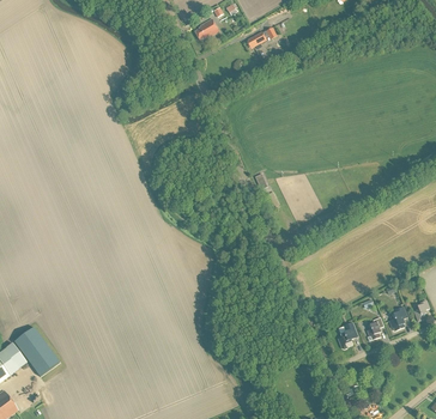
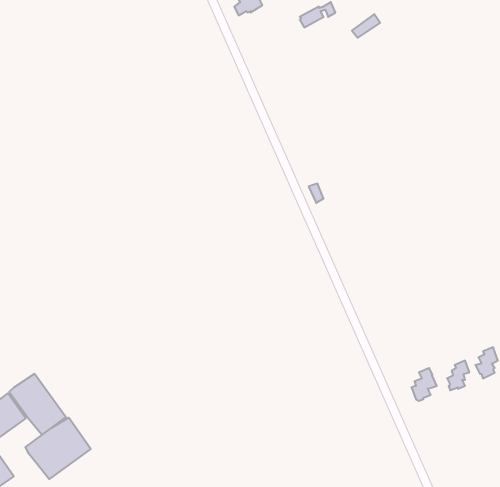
building: none -> [25,418,91,479]

